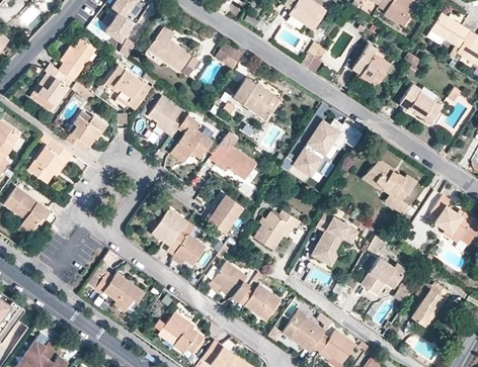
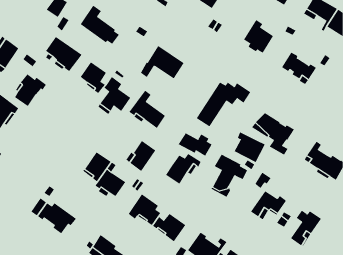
building: [59,38,96,81] -> none
building: none -> [234,132,266,163]
building: none -> [178,133,212,157]

